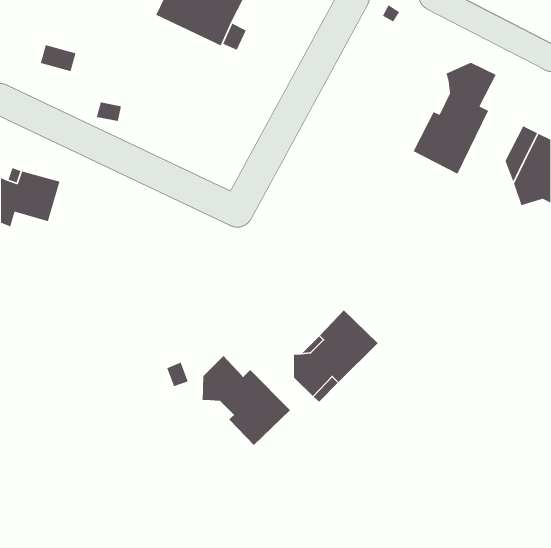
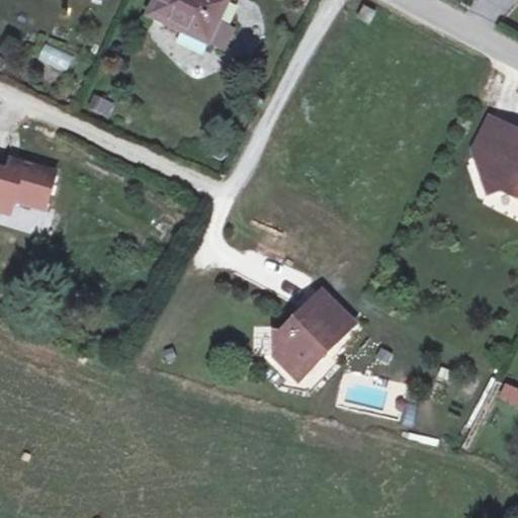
building: [413,62,497,175] -> none
building: [202,355,291,446] -> none

